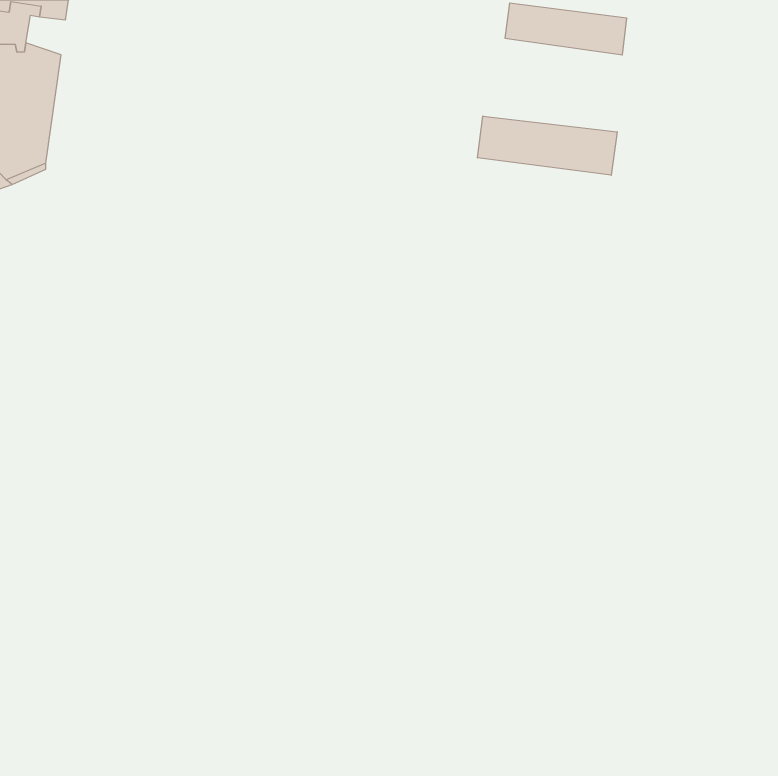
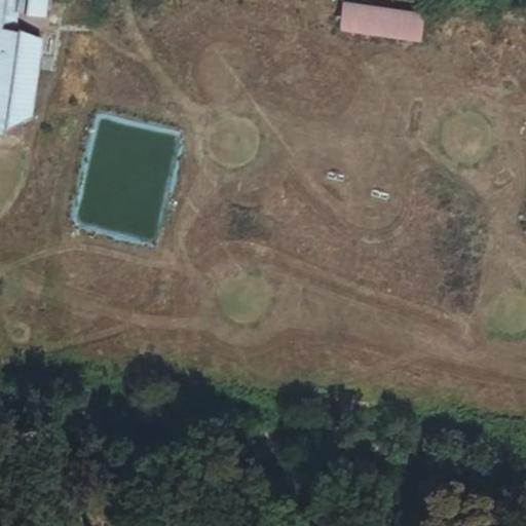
building: [478,116,617,175] -> none

